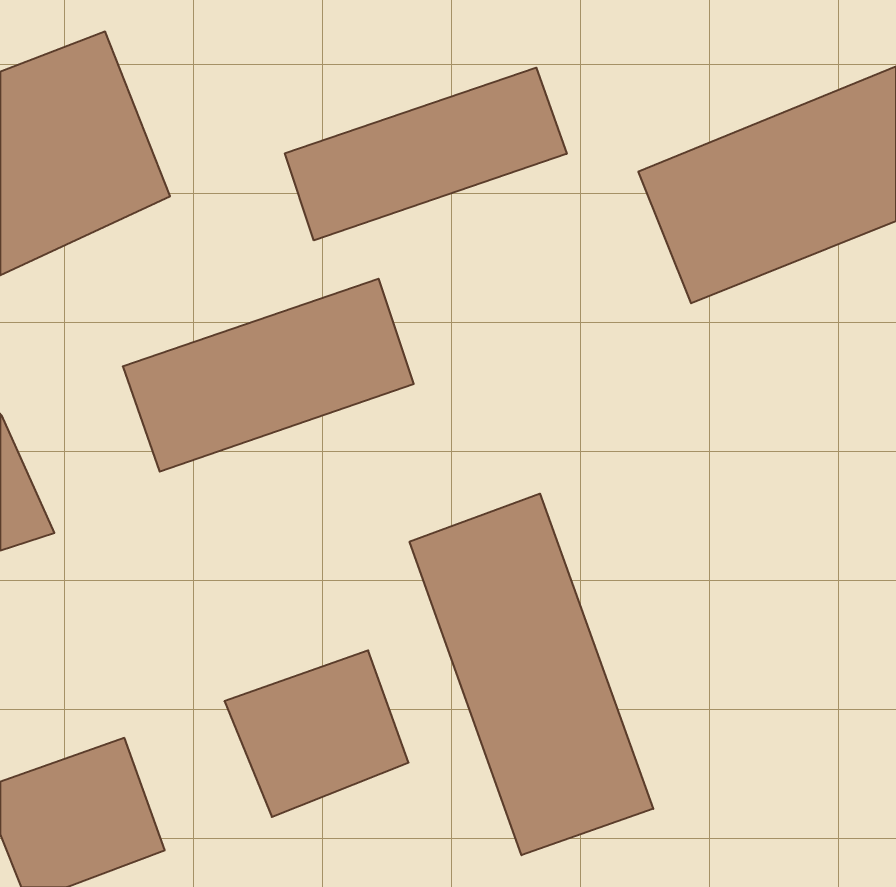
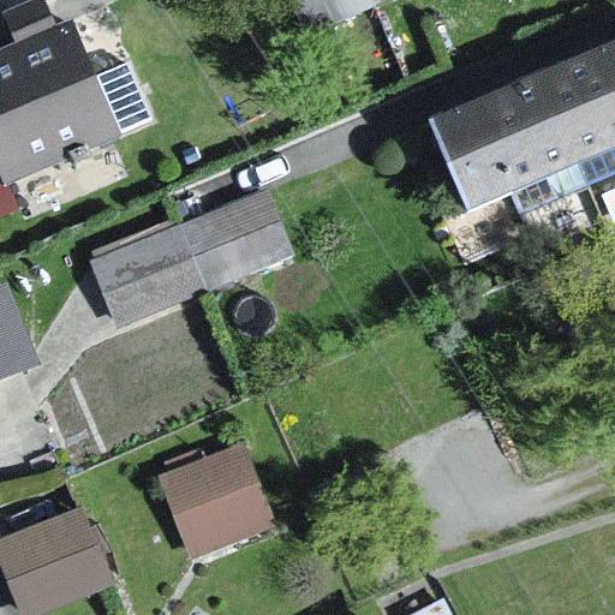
building: [285,68,567,240] -> none
building: [410,494,653,855] -> none

